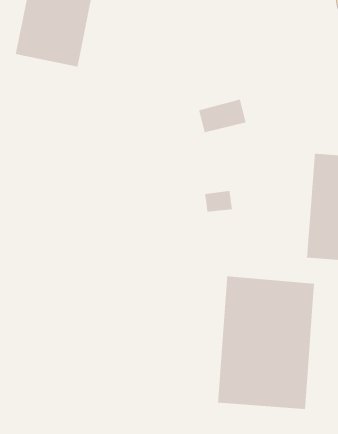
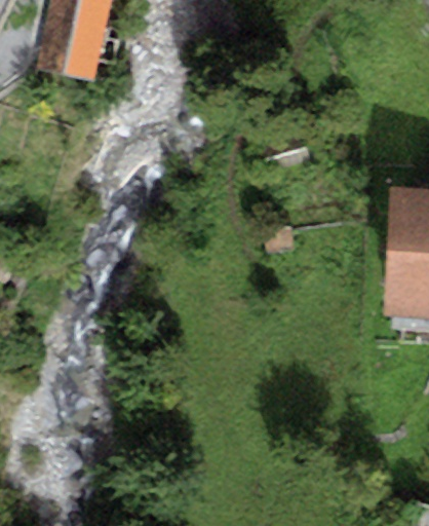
building: [217,275,315,410] -> none

